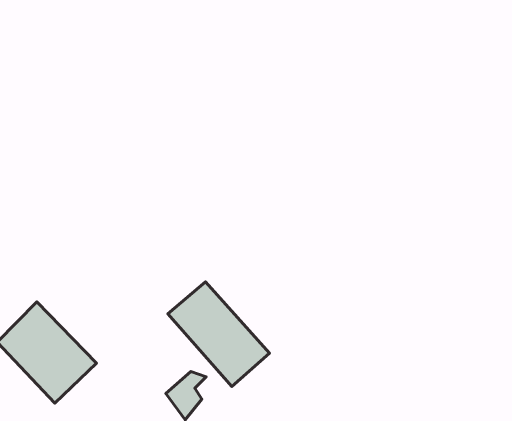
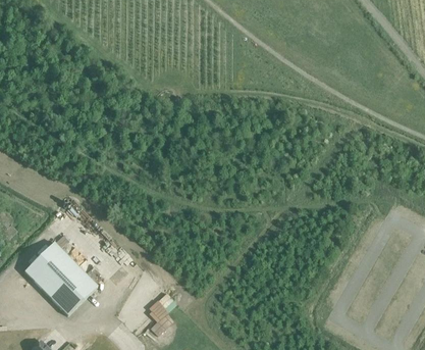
building: [168,282,270,387] -> none

